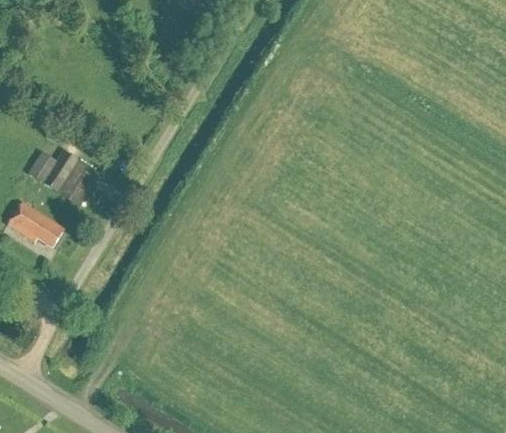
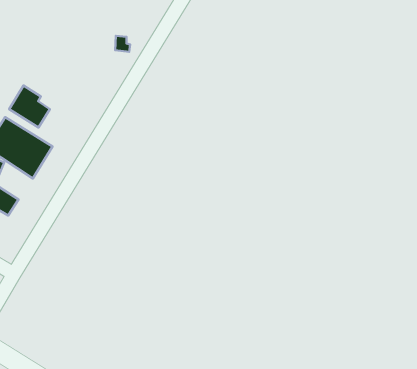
building: none -> [9,86,50,127]

